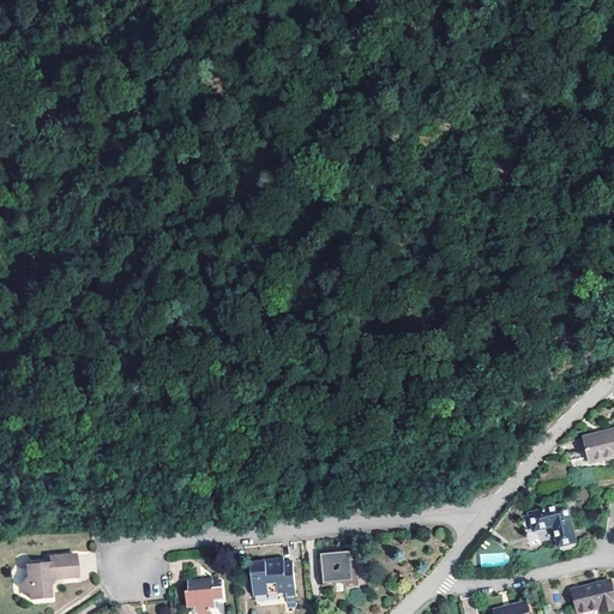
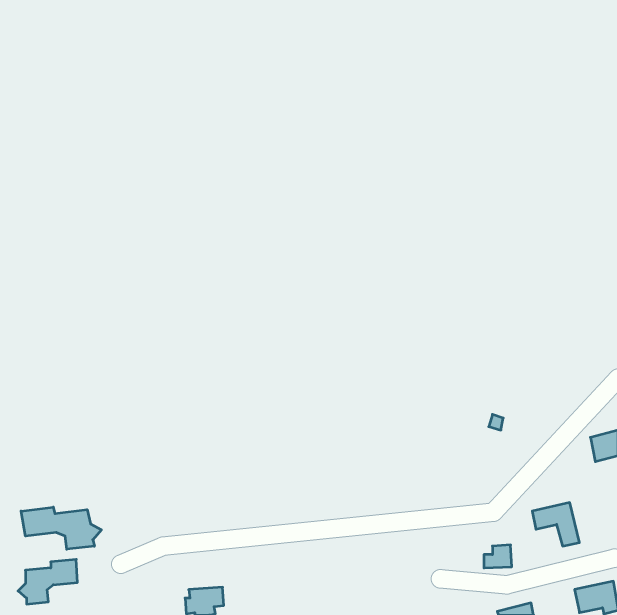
building: none -> [21,507,101,549]
building: [320,554,356,592] -> none
building: [249,560,295,604] -> none

